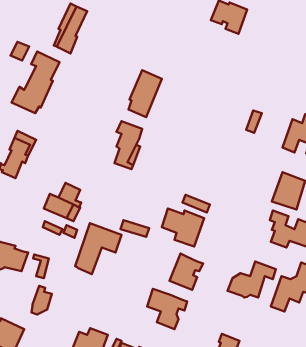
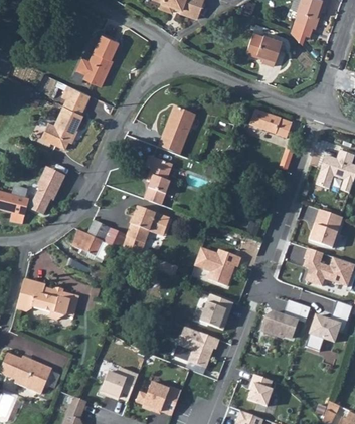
building: none -> [249,110,293,139]
building: [75,223,121,274] -> [123,207,170,259]
building: [31,286,52,314] -> [48,291,69,321]

